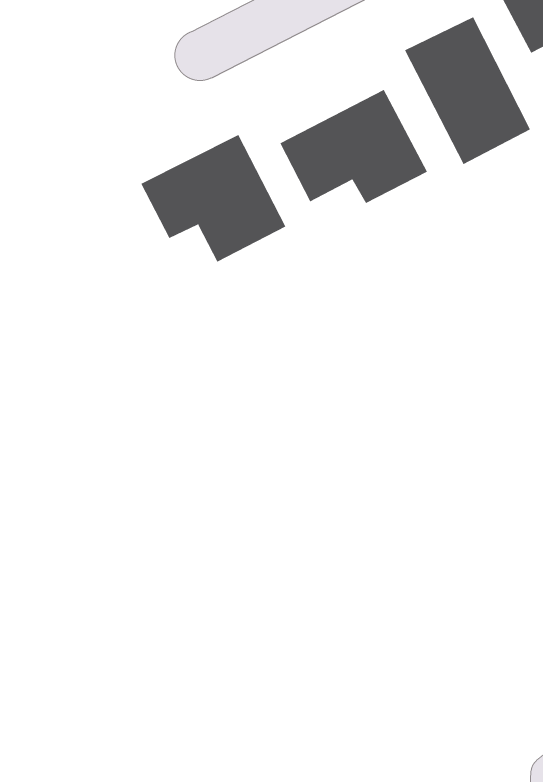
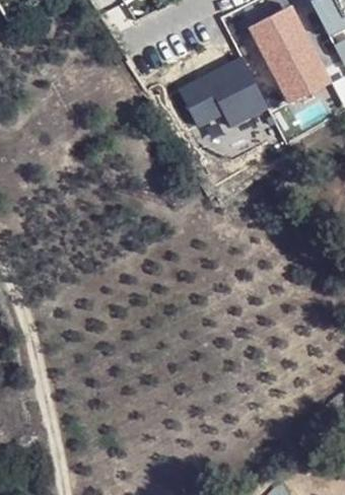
building: [140,134,286,263] -> none

